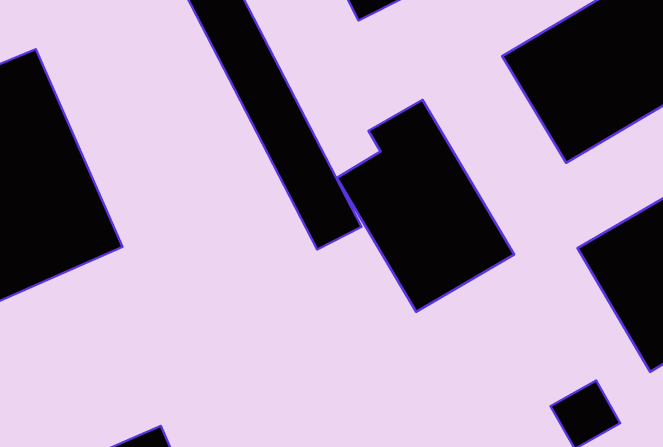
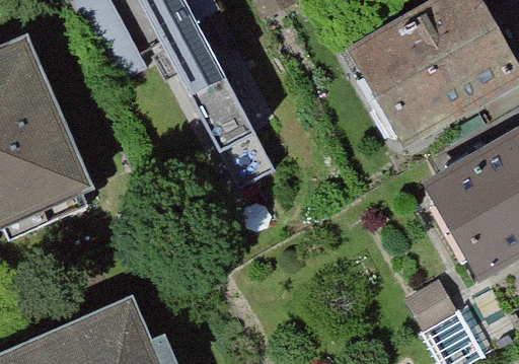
building: [337,100,514,312] -> none

